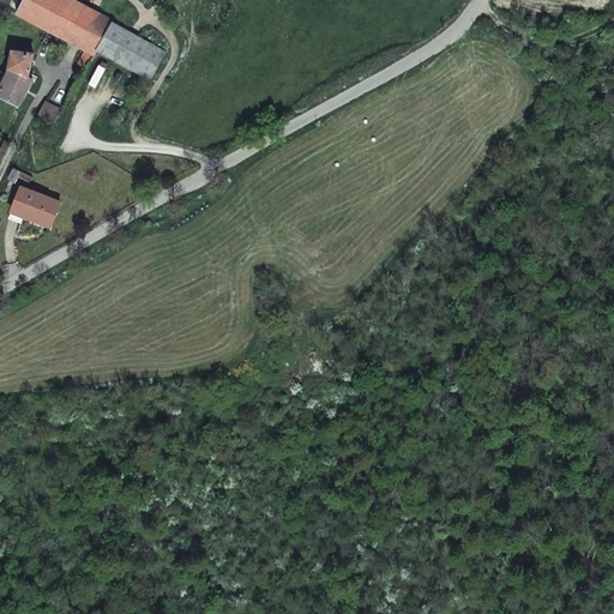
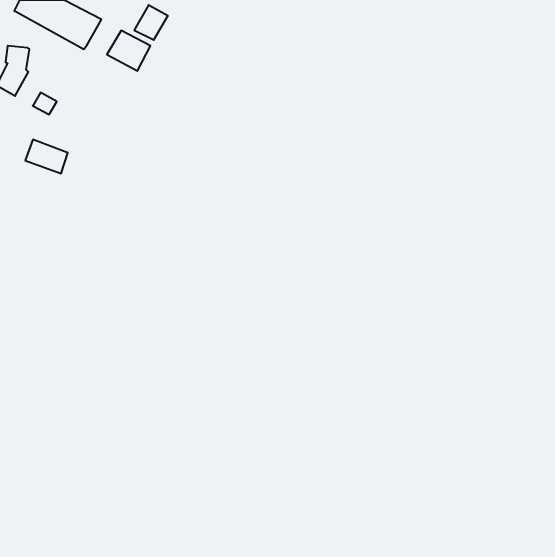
building: [96,22,133,60] -> [134,5,168,40]
building: [6,188,53,225] -> [25,140,68,173]

